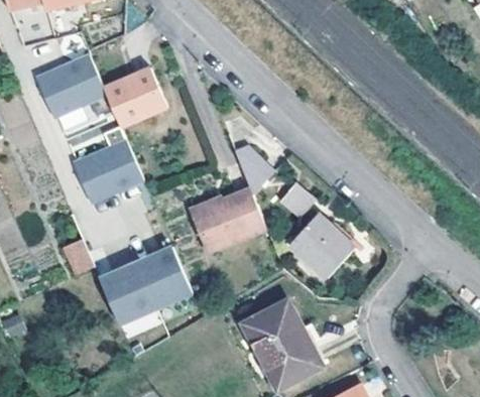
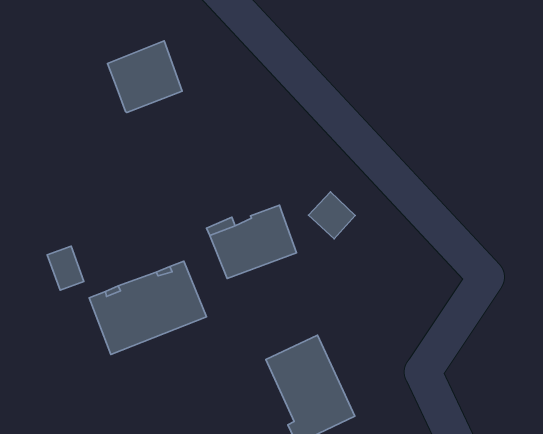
building: [35,54,112,117] -> none
building: [75,125,144,202] -> none
building: [235,150,273,200] -> none
building: [288,214,353,278] -> none

